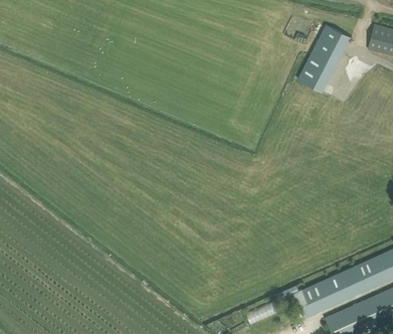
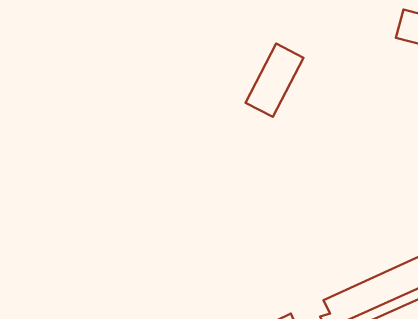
building: [298,25,351,93] -> [246,43,304,117]

